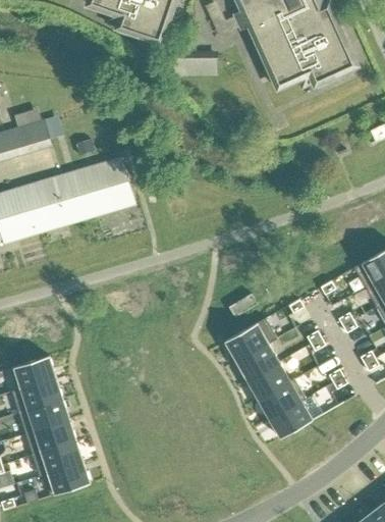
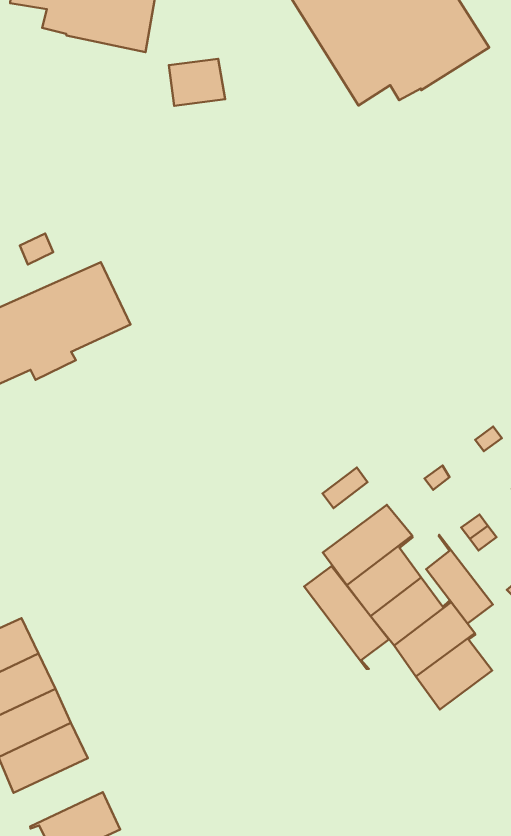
building: none -> [426,535,493,624]
building: none -> [304,566,389,669]
building: [32,440,83,475] -> none

